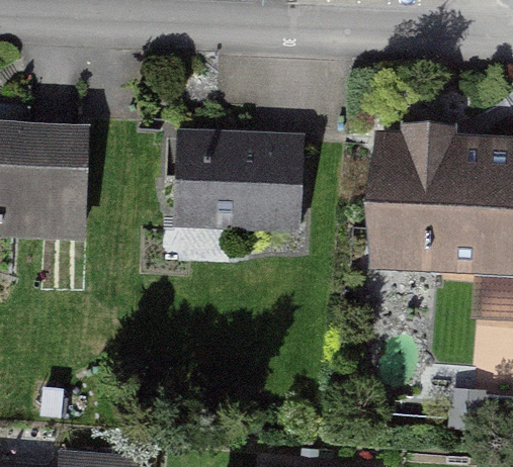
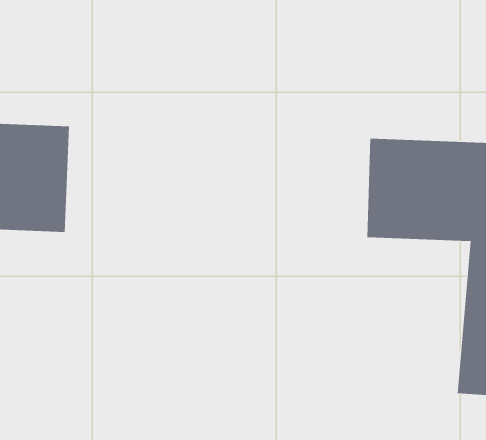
building: [171,131,300,227] -> none

